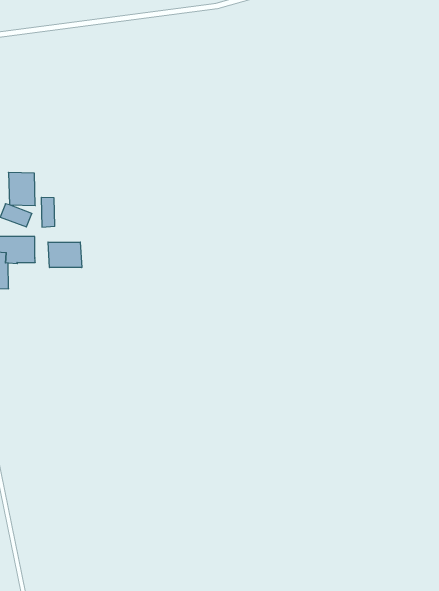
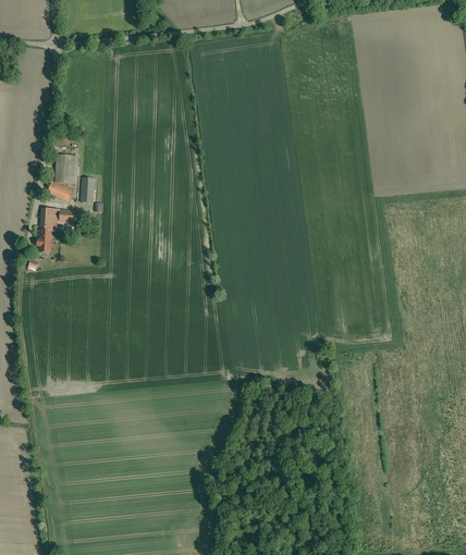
building: [48,242,82,268] -> none

